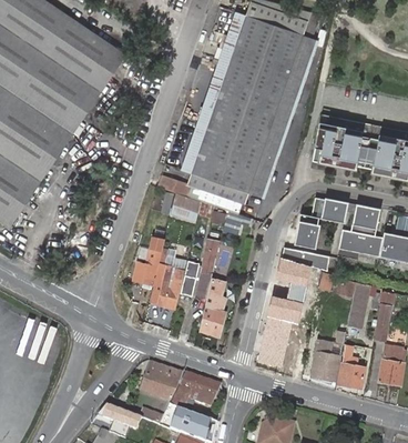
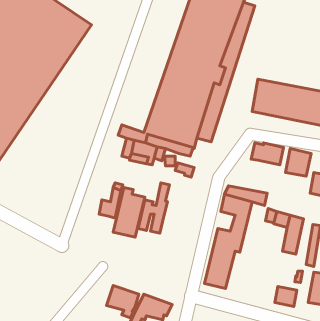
building: [295,213,320,248] -> none
building: [339,230,384,255] -> none
building: [198,282,224,335] -> none
building: [310,323,348,380] -> none

